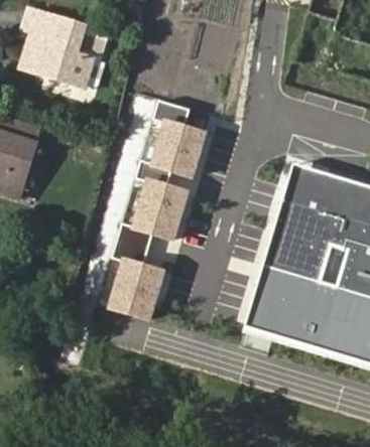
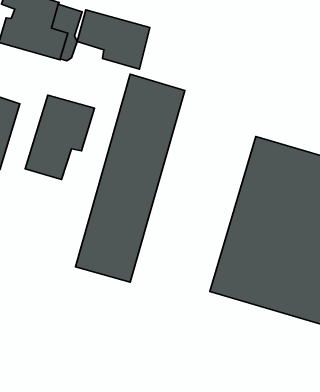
building: none -> [77,10,150,69]
building: none -> [25,95,95,179]

